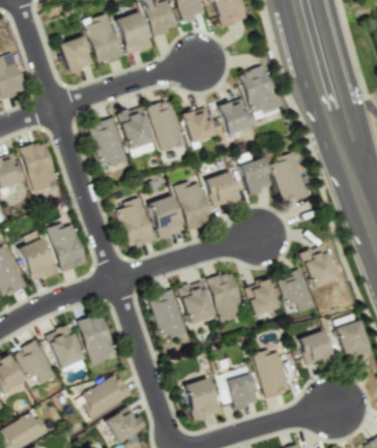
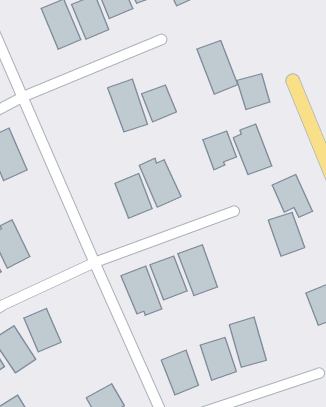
building: [60,35,94,72] -> none
building: [219,98,251,133] -> [237,74,270,110]
building: [117,106,156,157] -> none
building: [89,118,126,168] -> none
building: [207,173,238,206] -> none
building: [117,198,154,247] -> none
building: [48,222,88,271] -> none
building: [277,268,316,311] -> [272,175,313,217]
building: [245,278,279,316] -> none
building: [79,312,115,365] -> none
building: [299,331,331,364] -> none
building: [79,376,130,417] -> none

